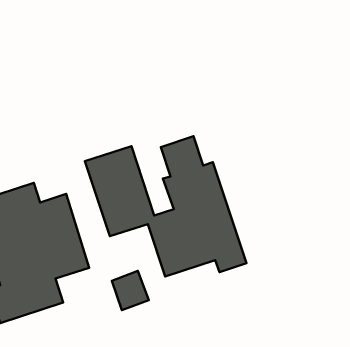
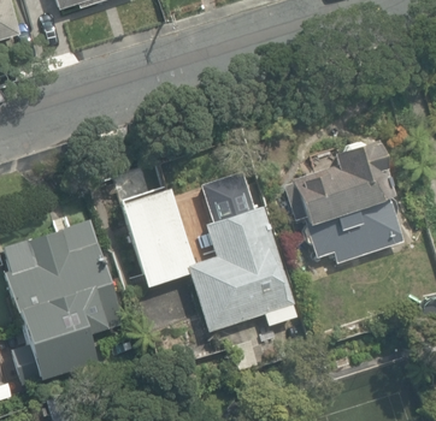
building: none -> [284,132,403,261]

